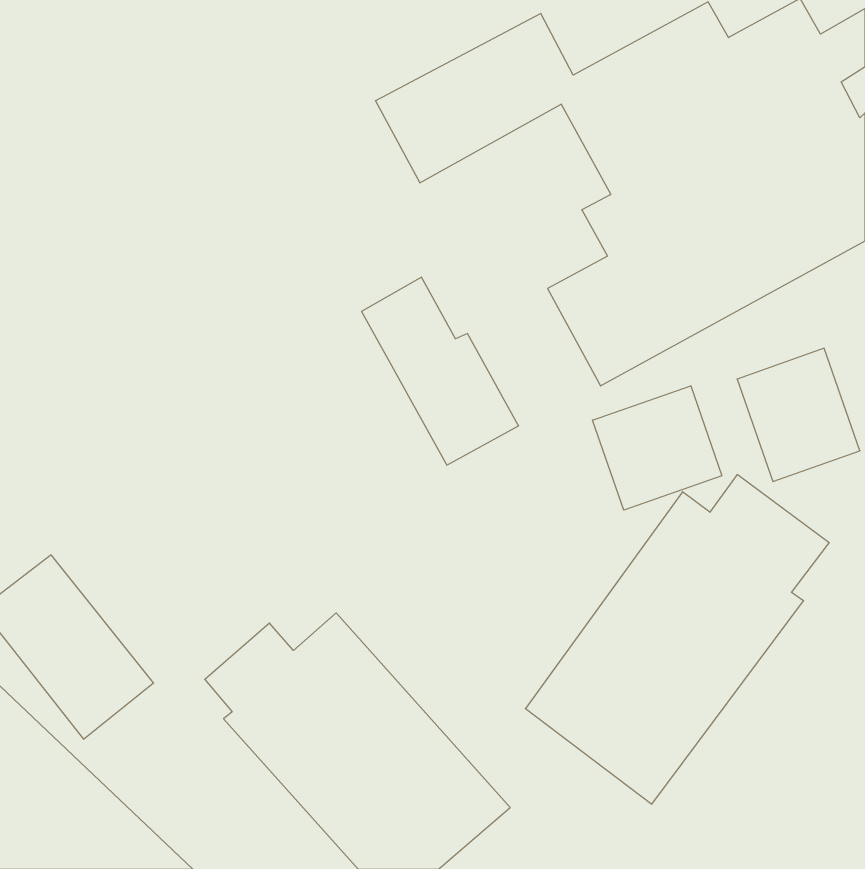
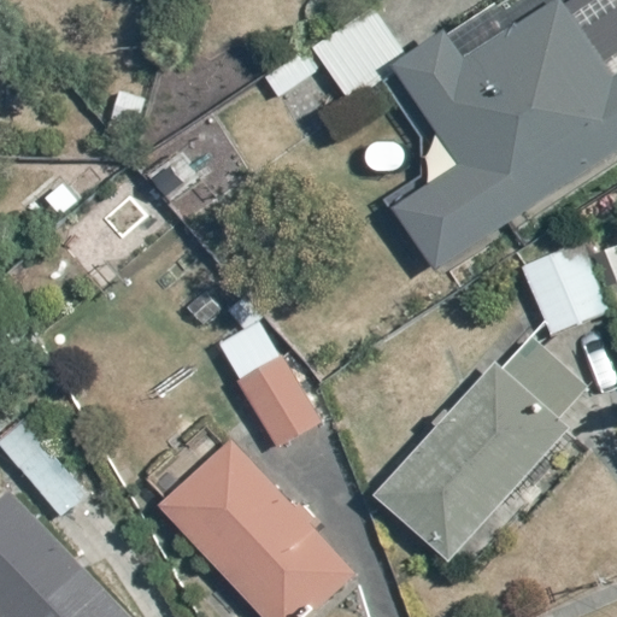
building: [362,277,519,465] -> [215,315,325,447]
building: [593,386,722,510] -> none

